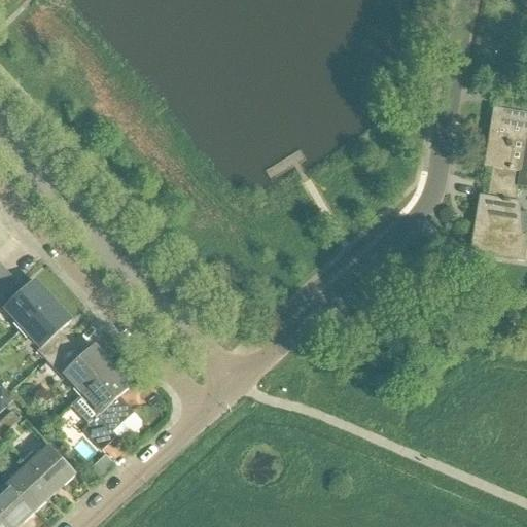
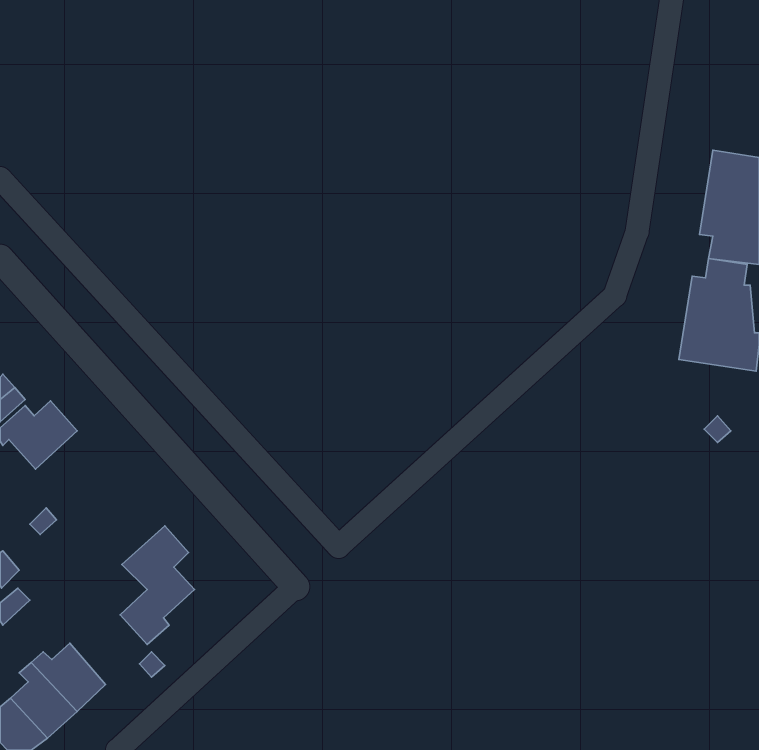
building: [25,298,71,354] -> none
building: [47,338,114,391] -> none

